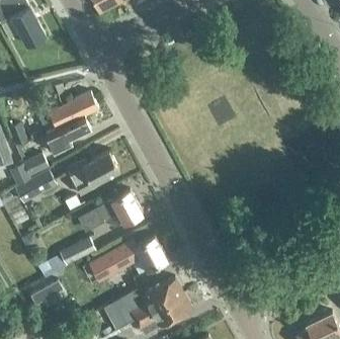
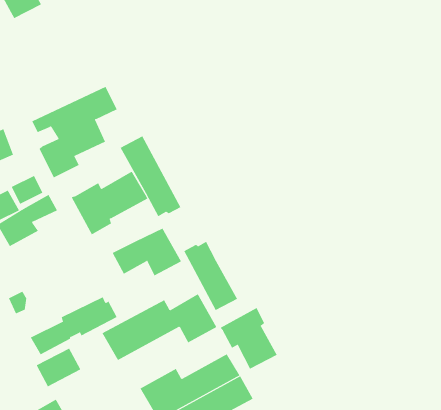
building: none -> [120,135,181,217]
building: none -> [184,241,238,311]
building: none -> [220,307,277,370]

